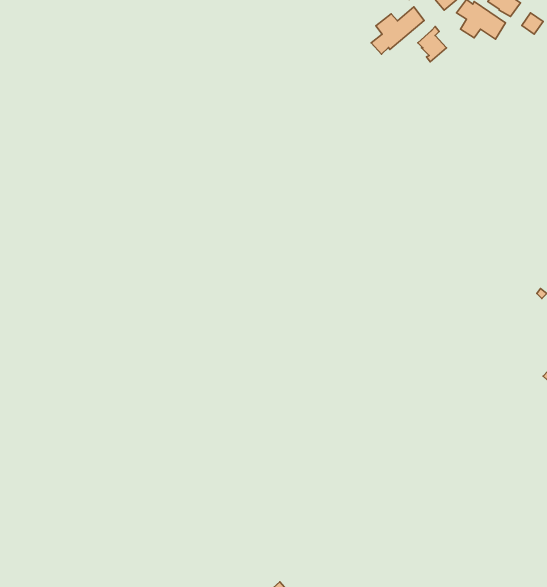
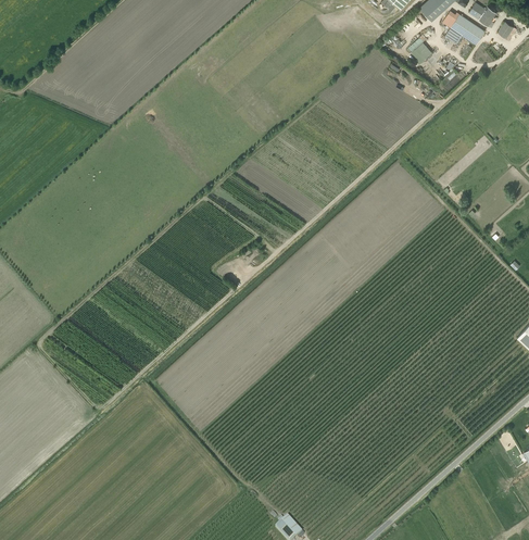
building: [371,7,424,54] -> none

